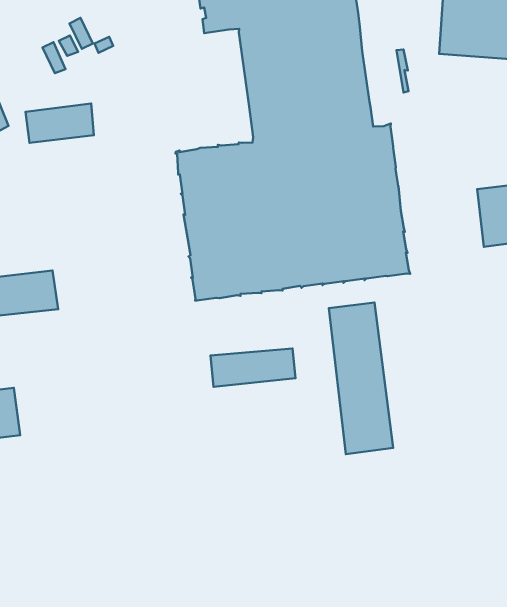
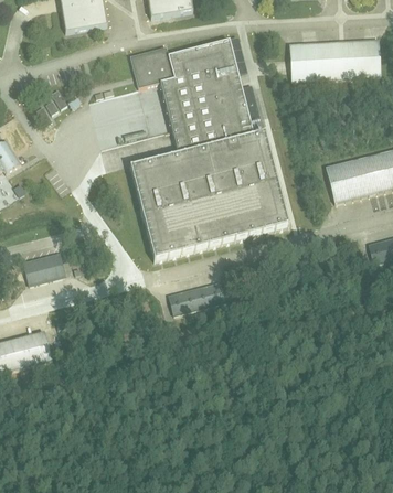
building: [25,104,94,143] -> none
building: [329,302,393,454] -> none

